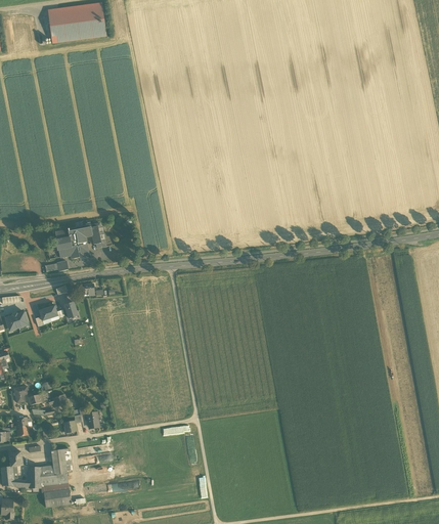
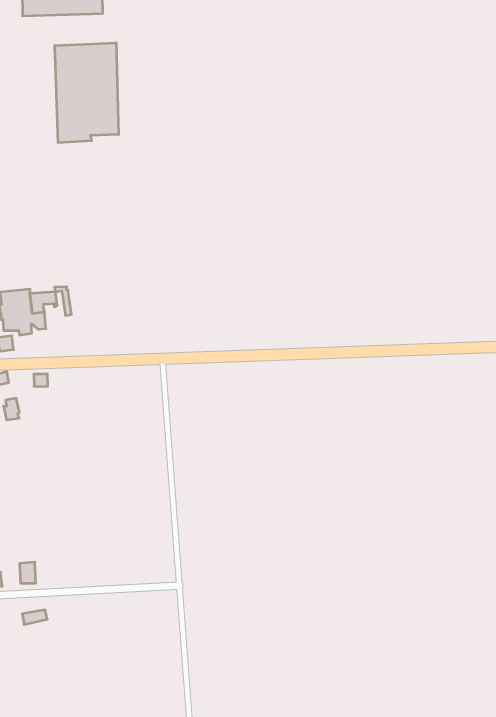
building: none -> [55,43,118,143]

